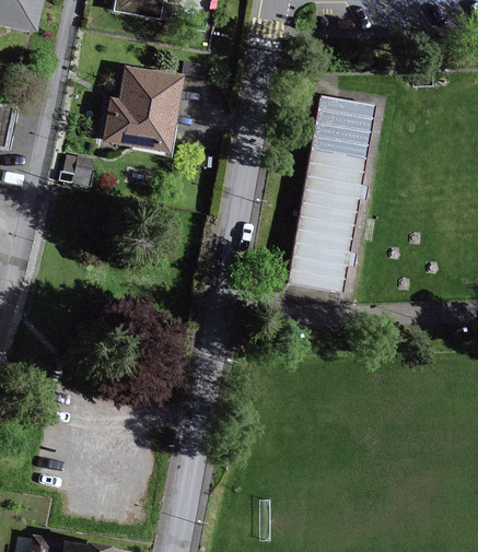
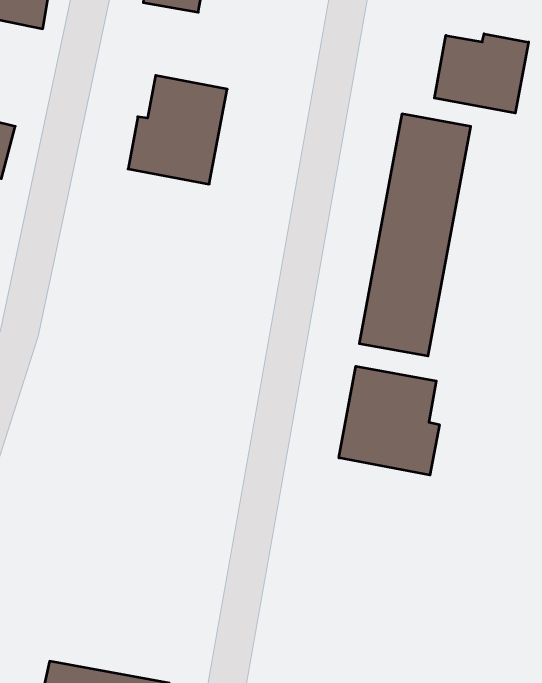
building: none -> [434,34,529,113]
building: none -> [339,366,439,475]

